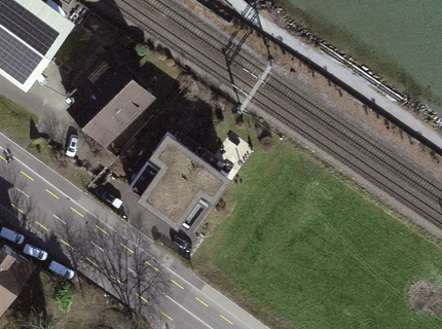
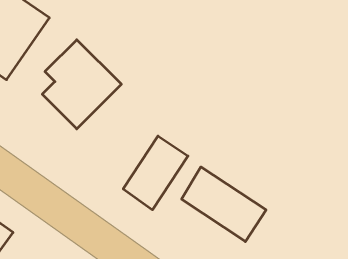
building: [126,134,197,216] -> none
building: none -> [182,167,266,242]

